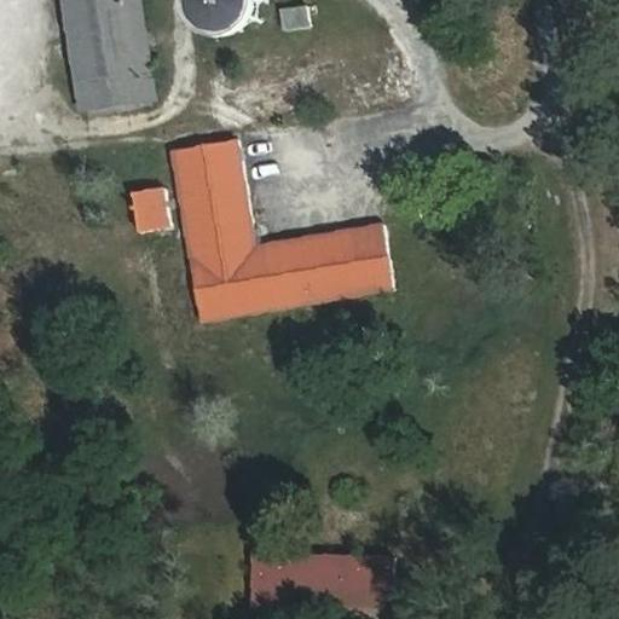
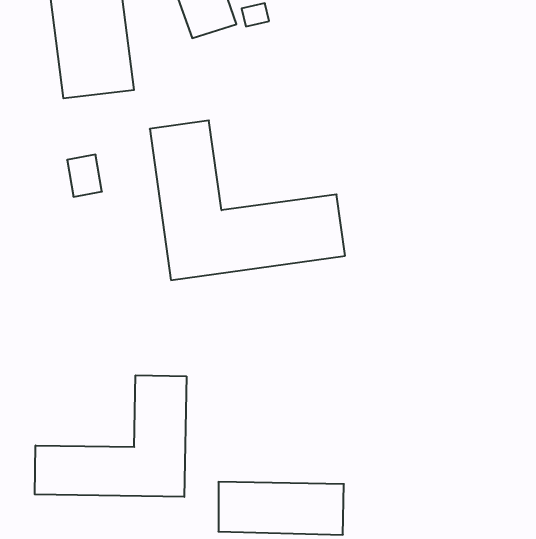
building: [131,185,170,233] -> [67,155,102,197]
building: none -> [35,375,186,497]

